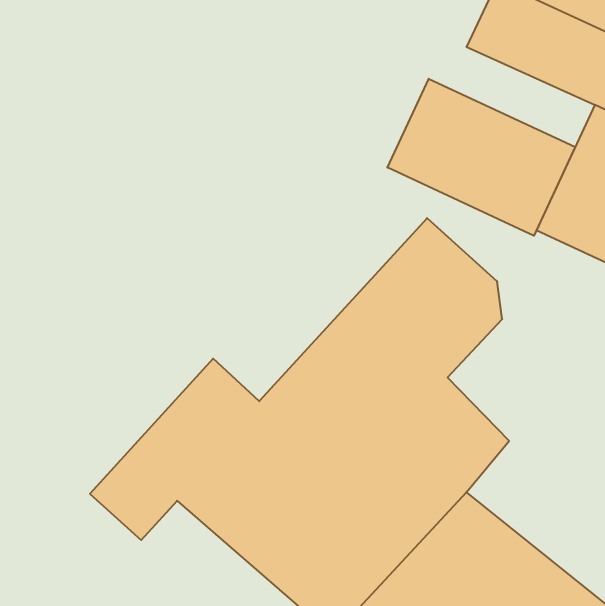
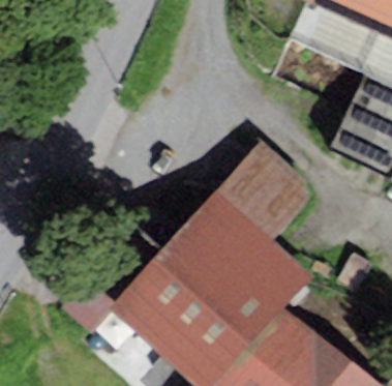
building: [387,79,575,236] -> none

